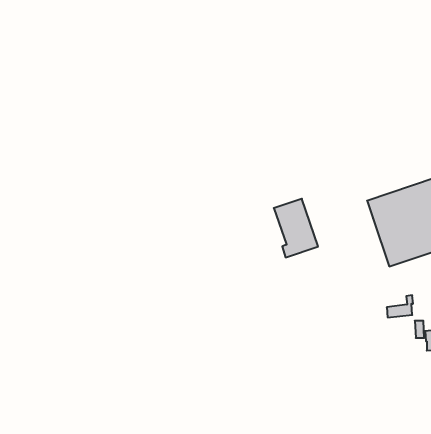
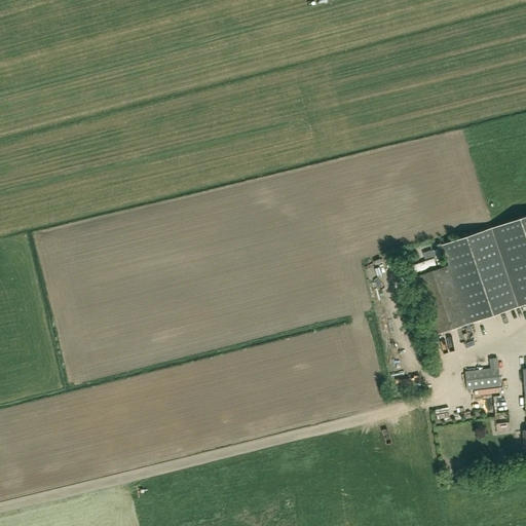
building: [274,199,318,257] -> [421,264,475,335]

